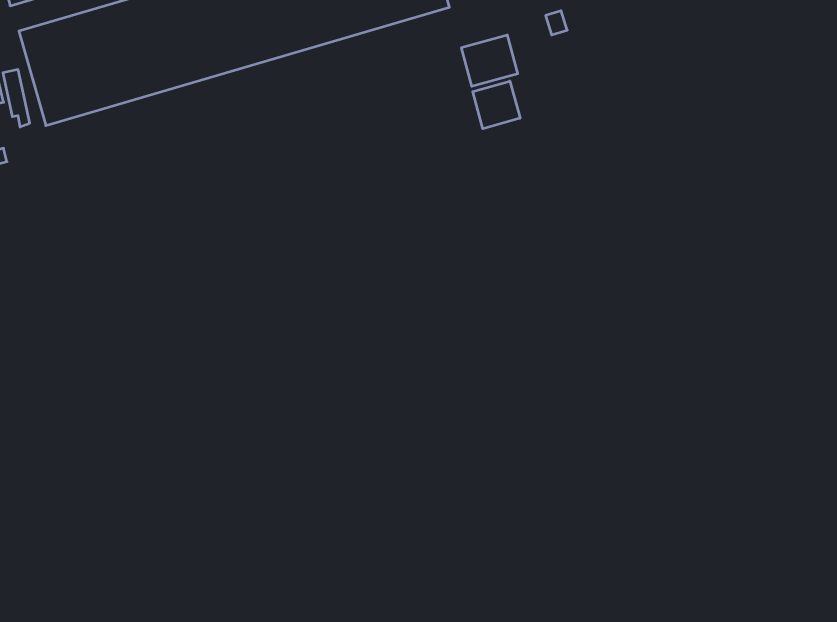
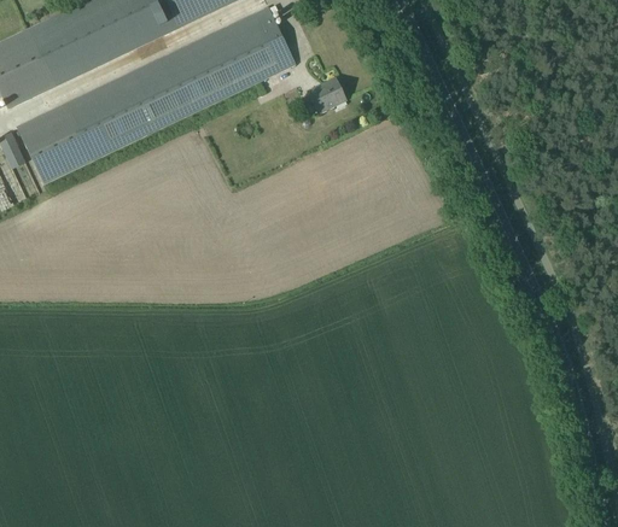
building: [473,81,520,129] -> none

